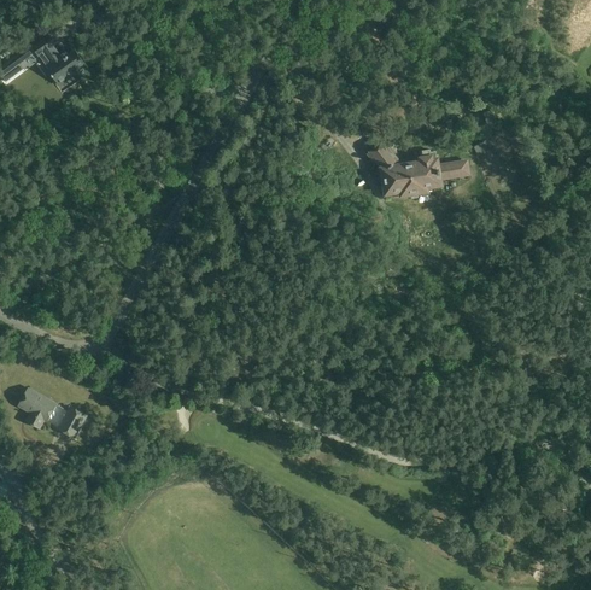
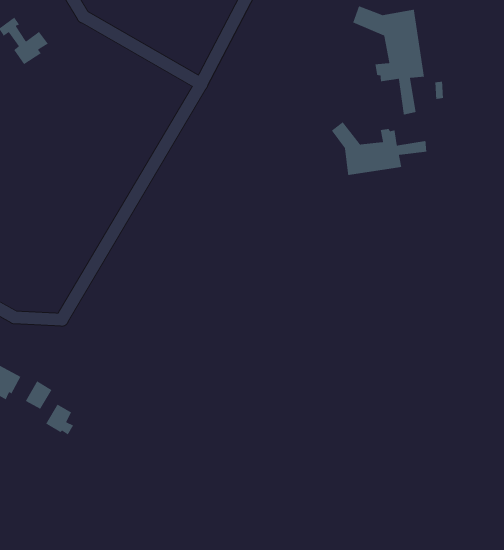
building: none -> [352,5,425,115]
building: none -> [45,404,74,435]

